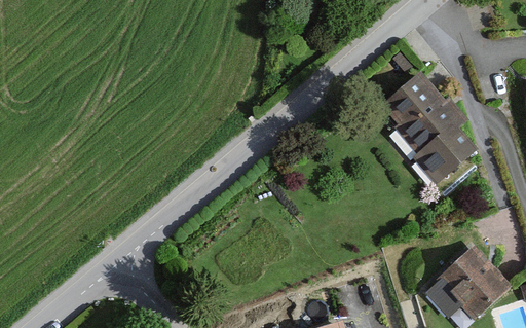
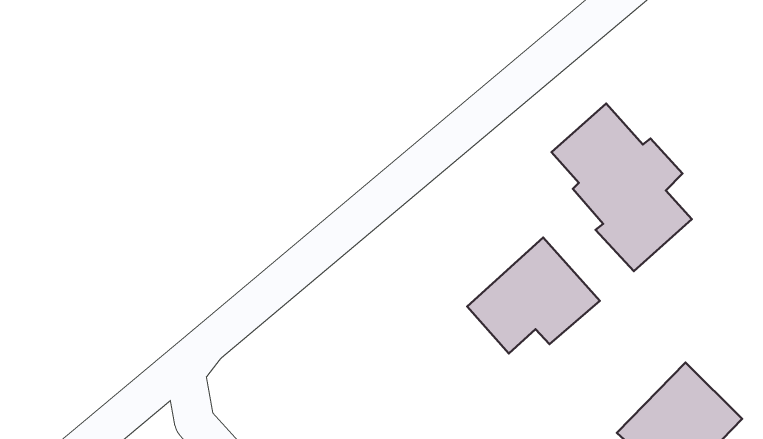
building: none -> [467,238,600,353]

